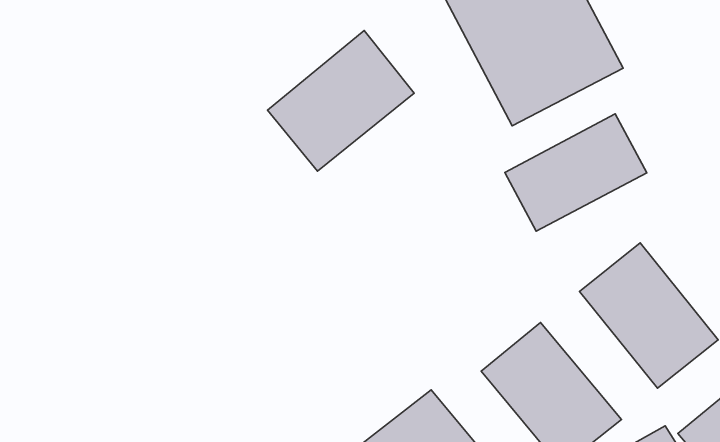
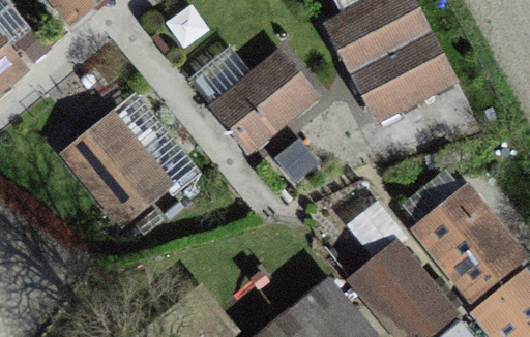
building: [505,114,647,231] -> none
building: none -> [69,119,163,215]

